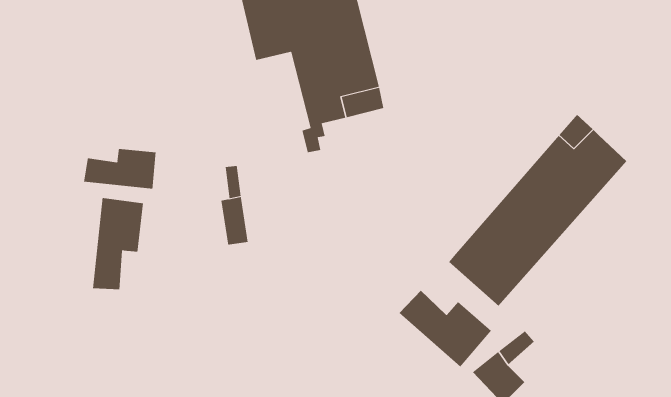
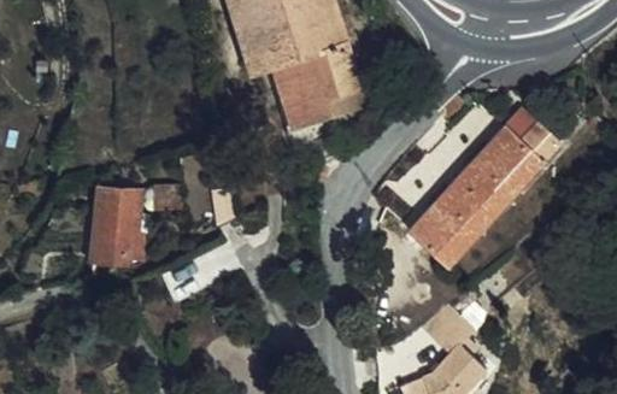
building: [83,148,156,190] -> none
building: [399,290,492,368] -> none

